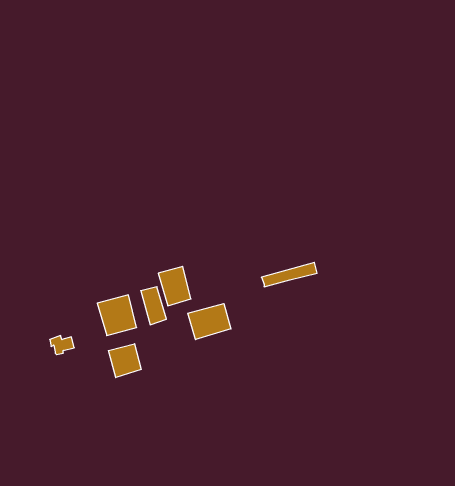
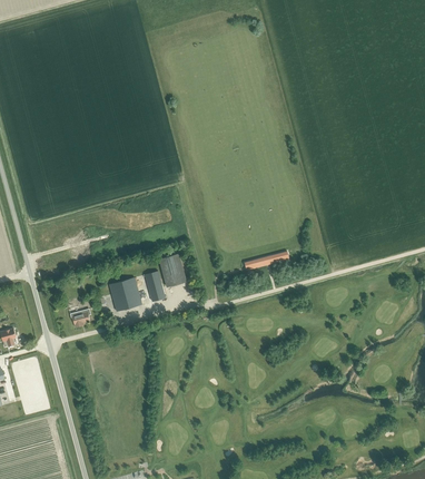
building: [188,304,231,340] -> none
building: [108,344,141,378] -> none

